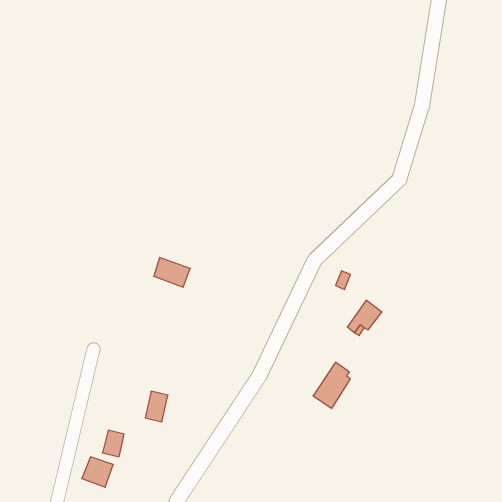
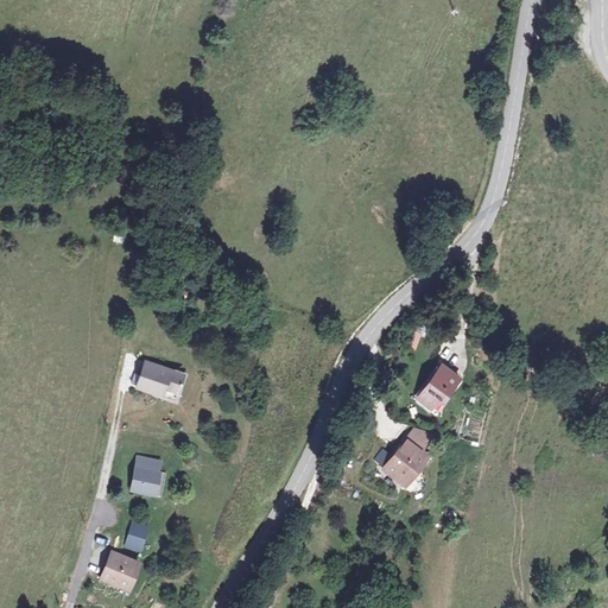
building: [154,258,190,287] -> [140,362,184,398]
building: [145,391,168,422] -> [132,456,159,493]

